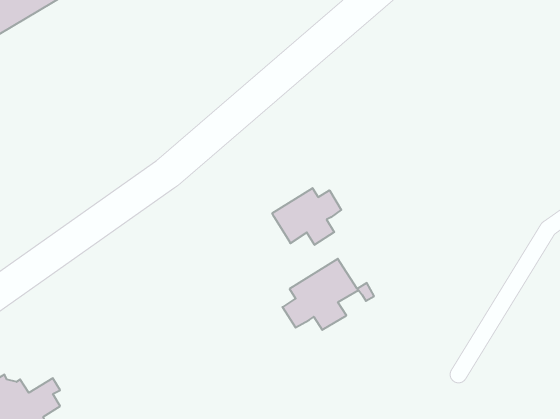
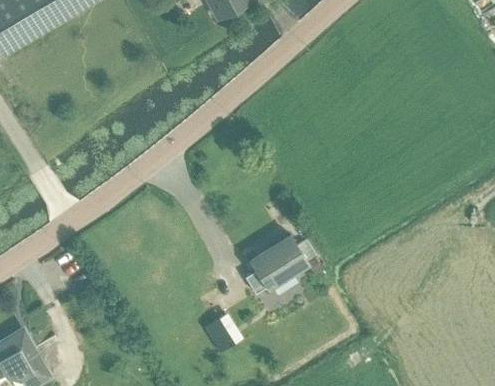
building: [272,188,341,245] -> none
building: none -> [205,313,241,351]

